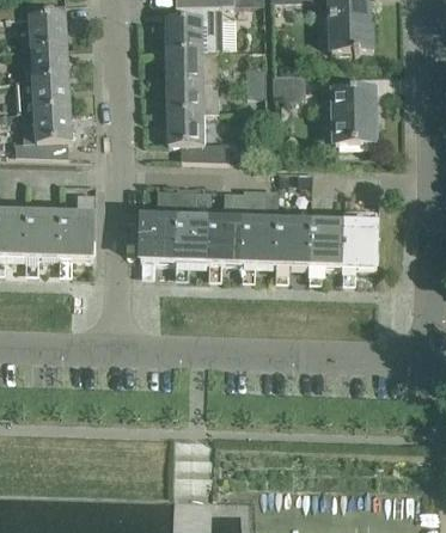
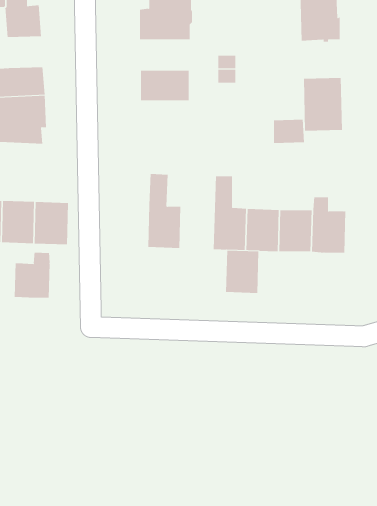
building: [30,45,67,78] -> none
building: [165,49,216,80] -> none
building: [271,72,304,97] -> [273,119,305,144]
building: [166,111,227,160] -> none
building: [139,216,175,261] -> none
building: [207,219,242,263] -> [225,250,259,293]
building: none -> [14,252,50,299]

